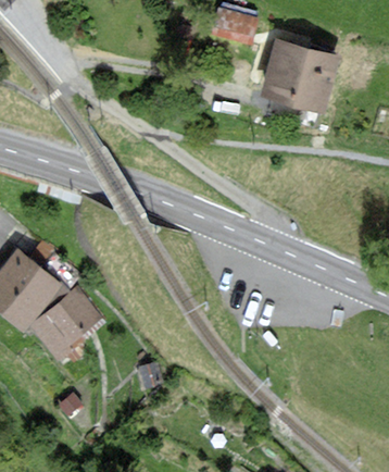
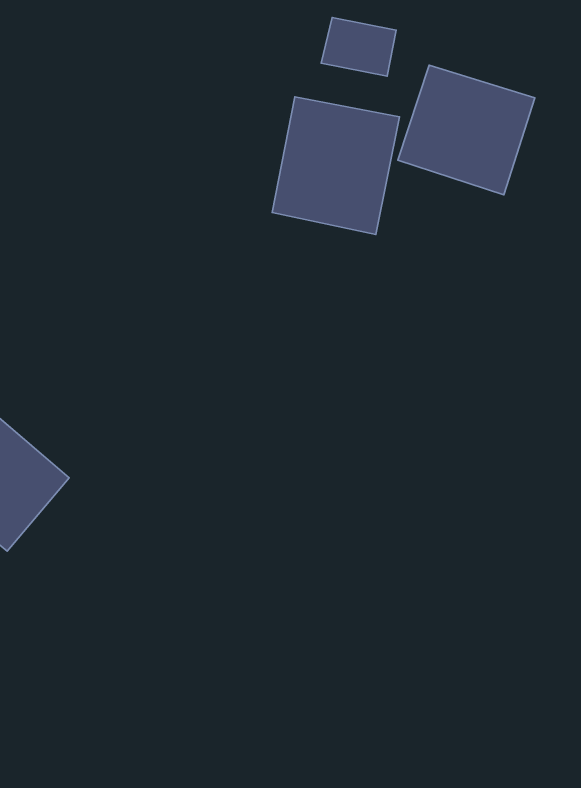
building: none -> [272,97,399,235]
building: [33,289,100,355] -> none

